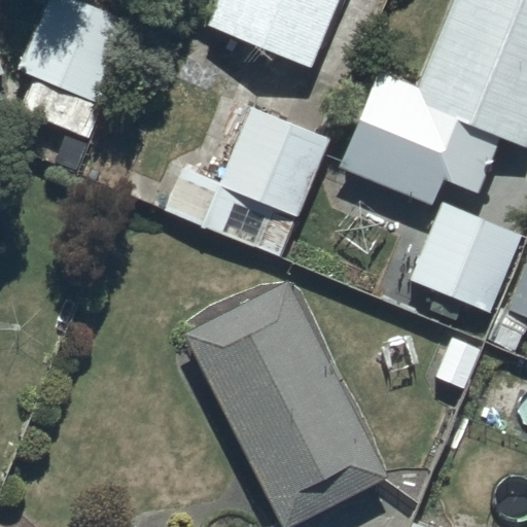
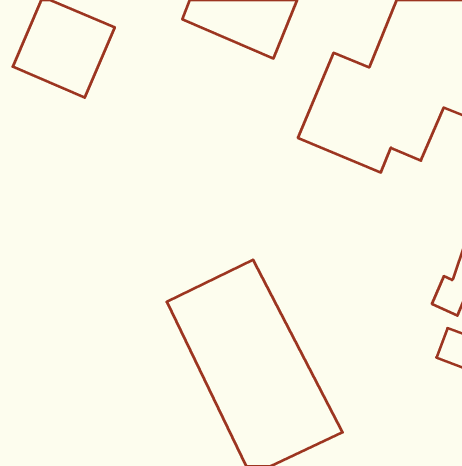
building: [223,111,331,219] -> none
building: [412,200,521,309] -> none

